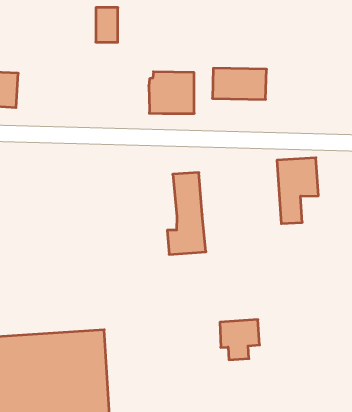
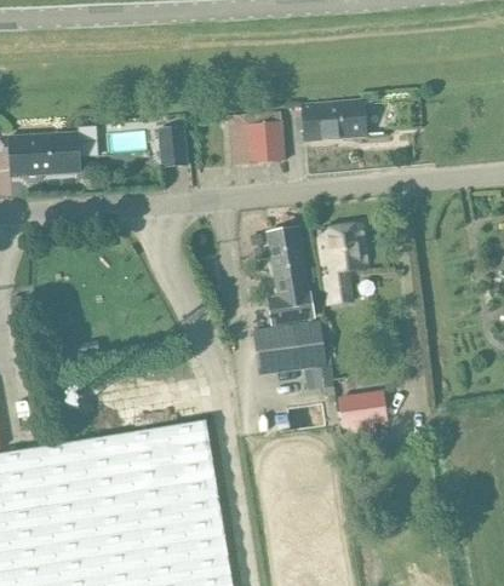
building: [96,8,118,42] -> [157,127,187,170]
building: [277,158,318,224] -> [316,224,368,304]
building: none -> [252,322,333,389]

